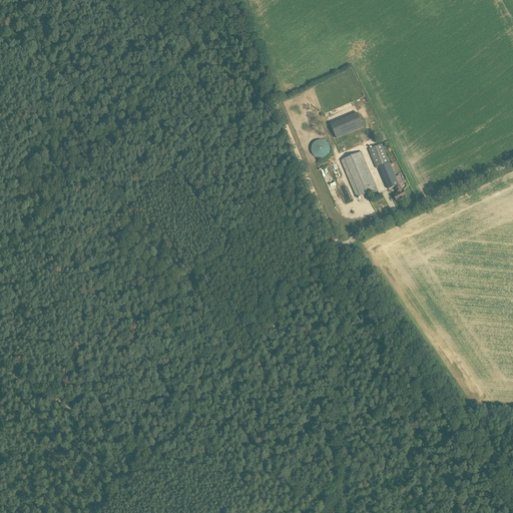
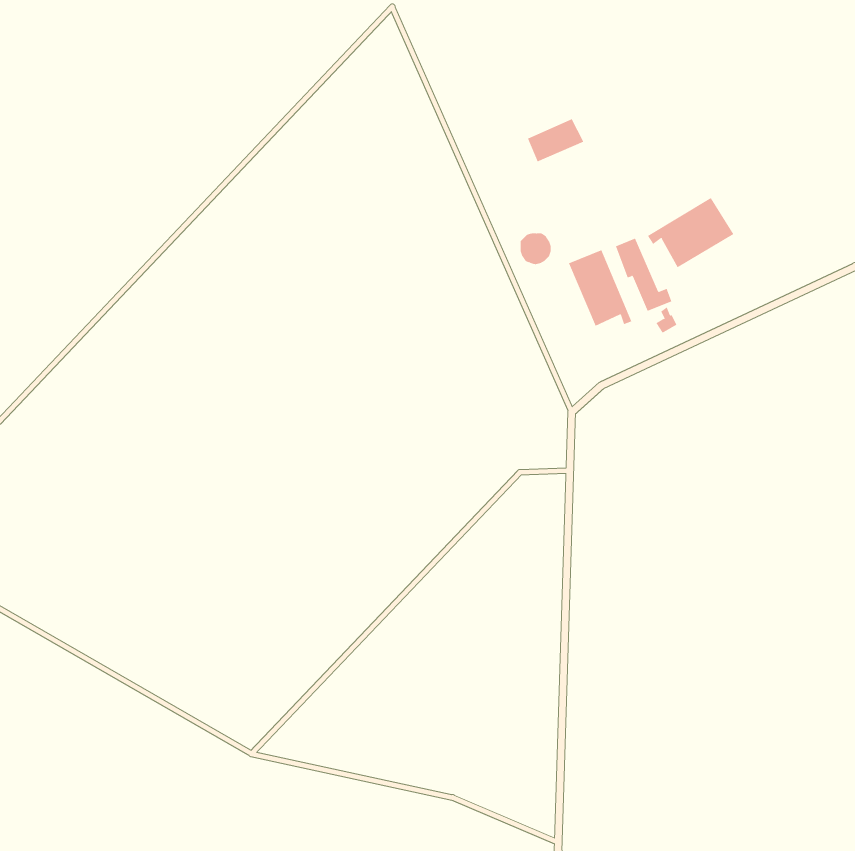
building: [330,110,364,136] -> [527,119,584,162]
building: none -> [647,197,734,268]

